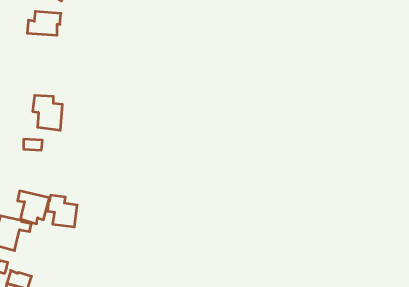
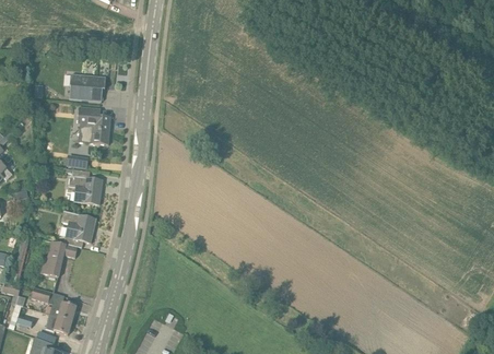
building: [27,11,61,35] -> [69,74,106,101]
building: [48,195,77,227] -> [69,168,102,203]

